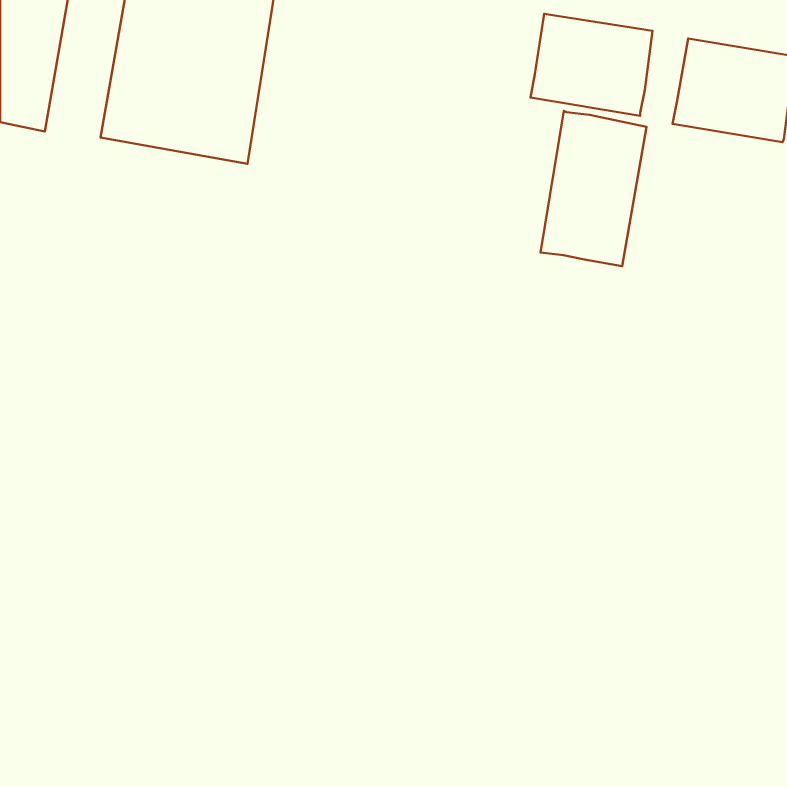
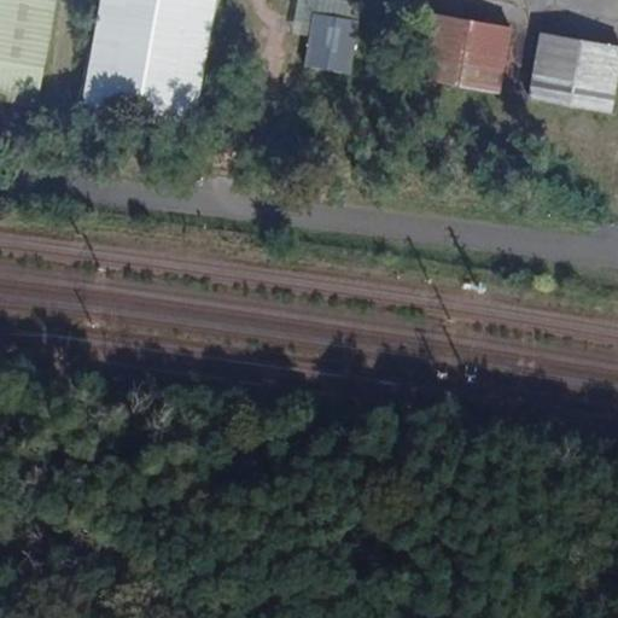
building: none -> [305,11,357,71]
building: [540,111,646,266] -> none

